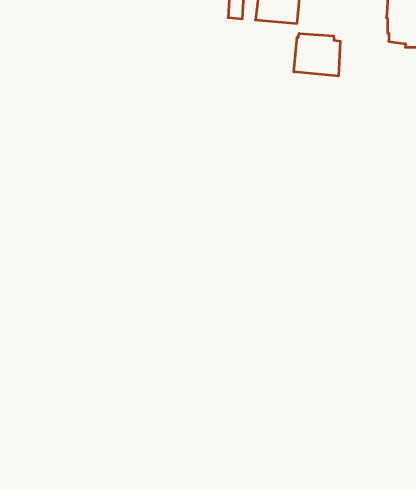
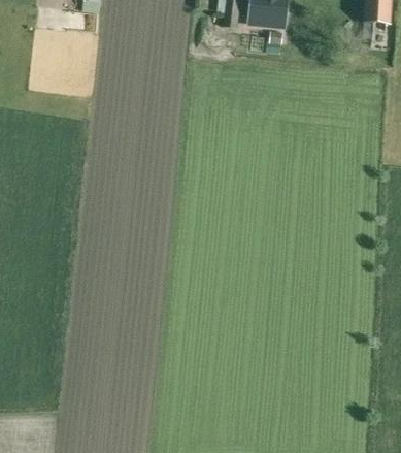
building: [294,33,340,76] -> none

